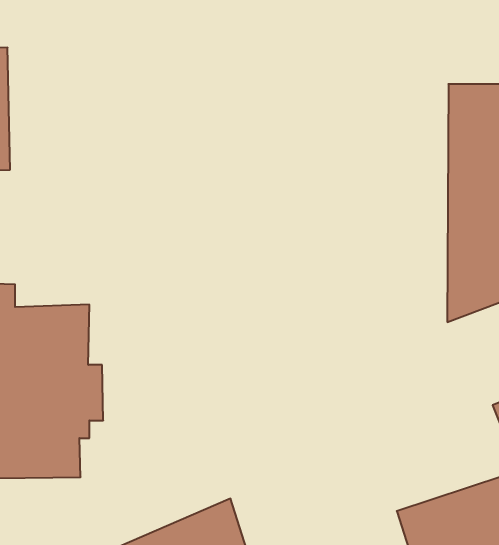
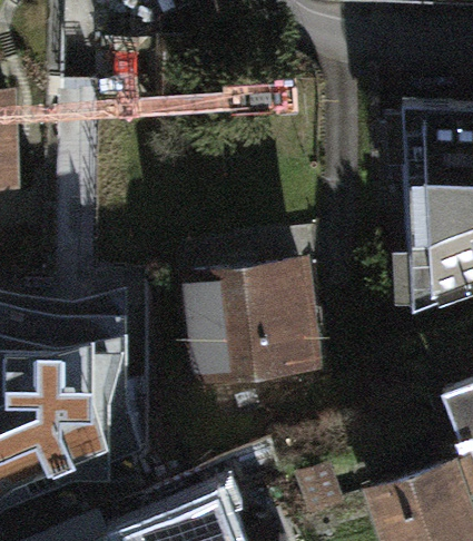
building: none -> [177,256,326,388]

